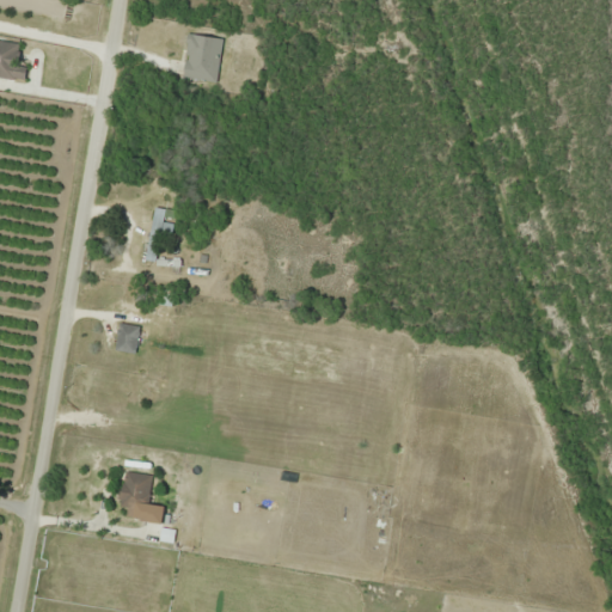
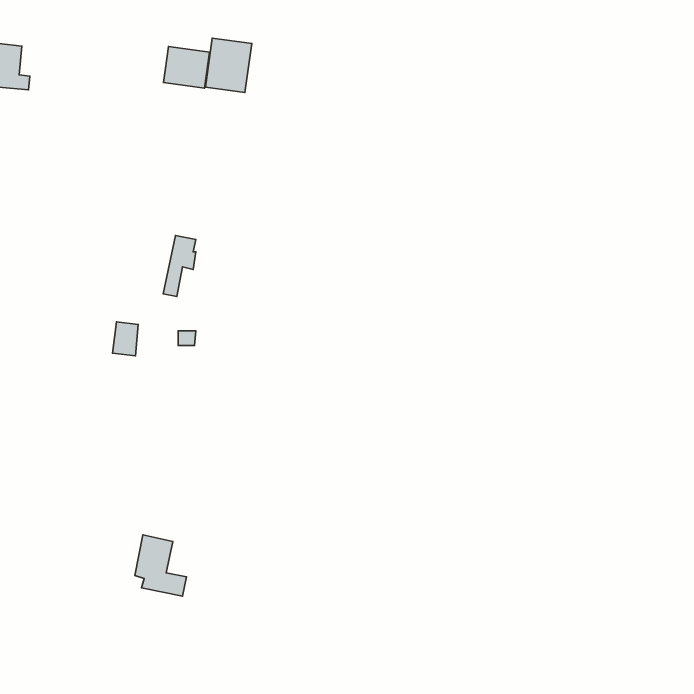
building: none -> [164,46,209,88]
building: [115,323,137,353] -> [112,322,138,356]

